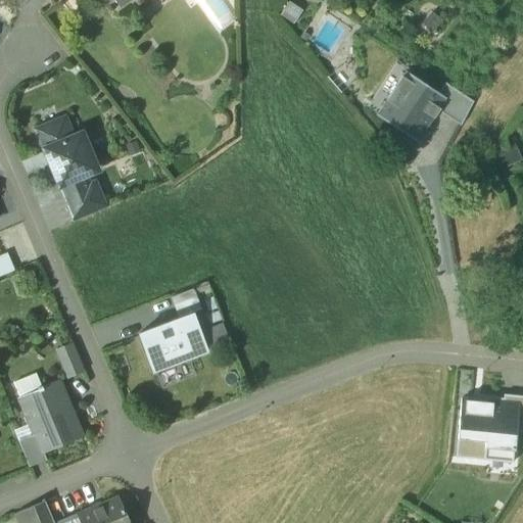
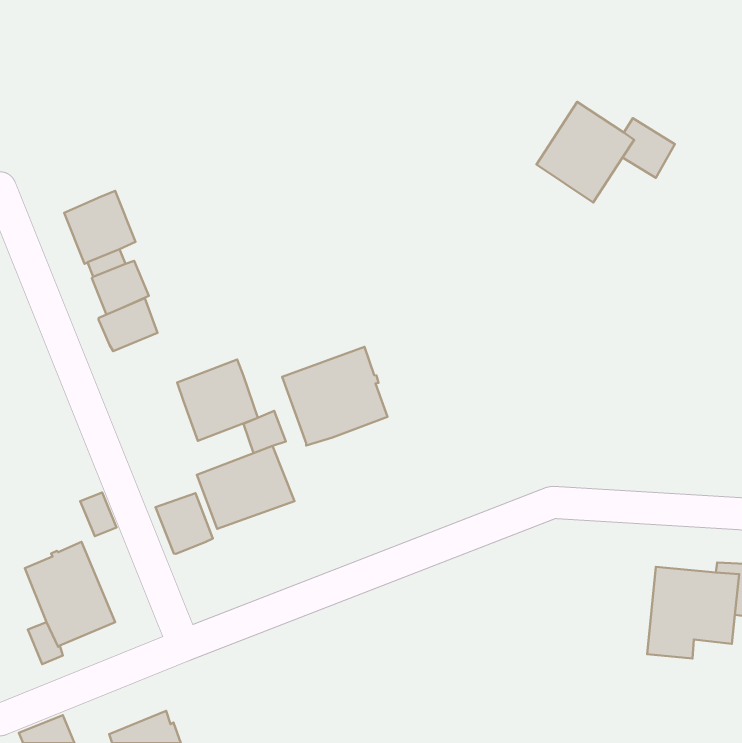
building: [39,120,73,149] -> none
building: none -> [99,298,158,351]
building: none -> [282,347,387,446]
building: none -> [177,359,258,441]
building: none -> [155,493,213,554]

